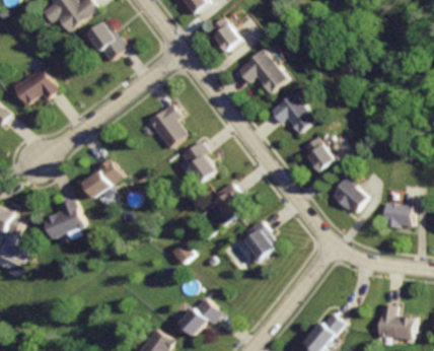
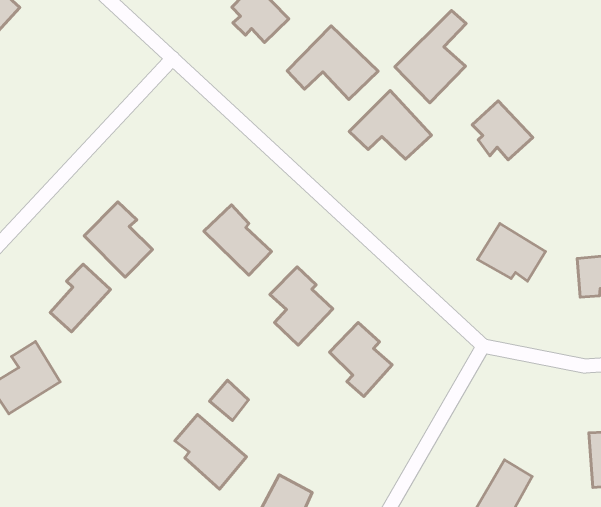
building: [86,20,126,61] -> none
building: none -> [395,11,466,103]
building: [145,104,183,148] -> [84,202,152,277]
building: [306,137,340,171] -> [472,101,533,160]
building: none -> [175,415,247,489]

